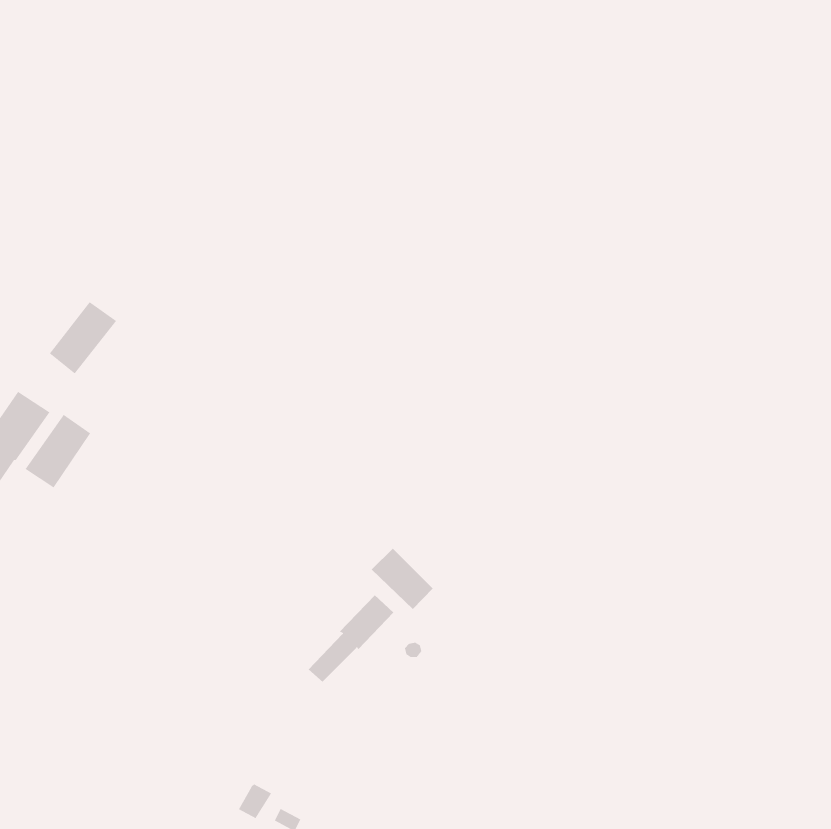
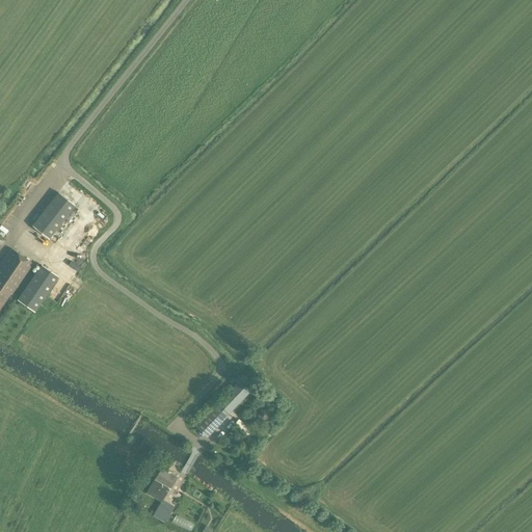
building: [371,548,434,610] -> none
building: none -> [145,471,176,504]

